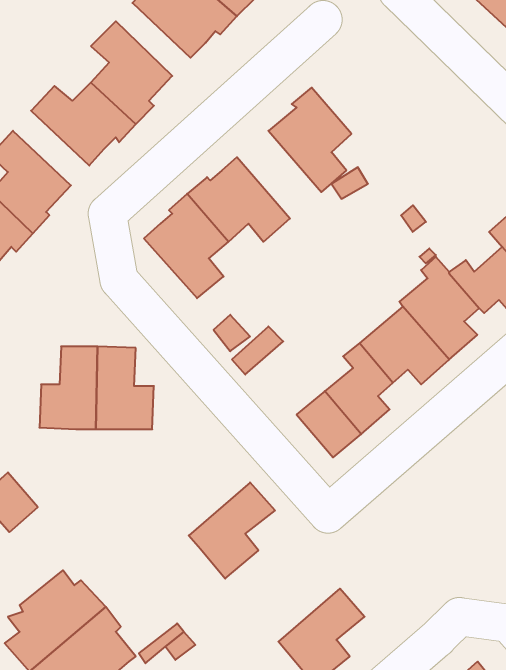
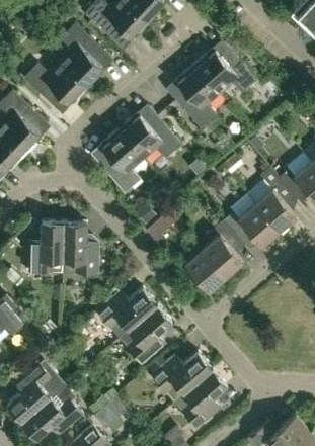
building: none -> [194,42,256,93]
building: none -> [96,288,157,338]
building: none -> [152,353,212,403]

